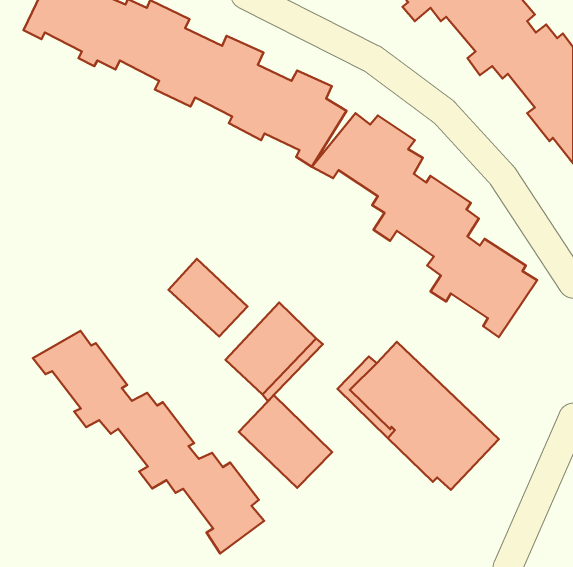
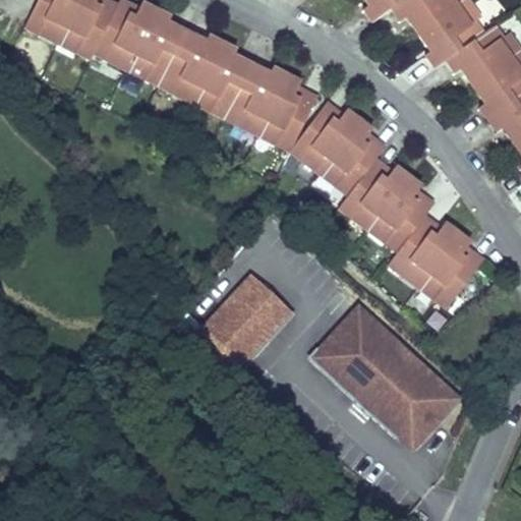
building: [169,259,248,337] -> none
building: [33,331,264,554] -> none
building: [239,395,332,488] -> none

